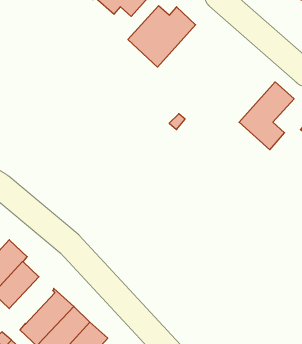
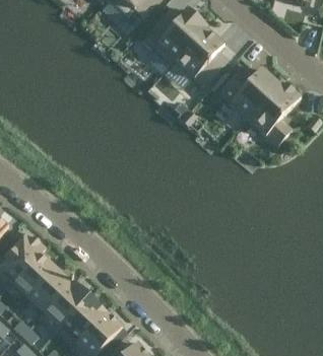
building: none -> [169,26,228,87]
building: none -> [217,68,281,120]
building: none -> [26,268,70,313]

